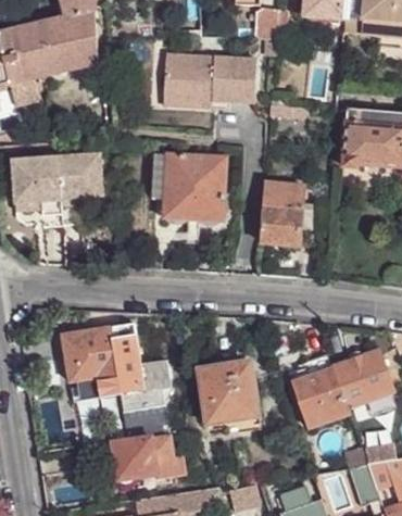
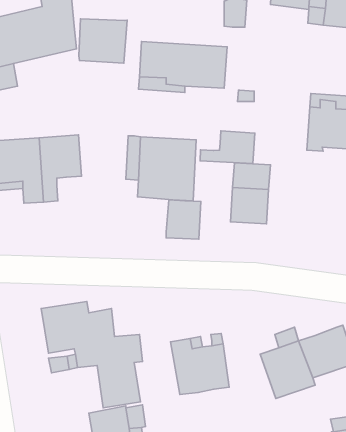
building: none -> [79,19,127,63]
building: none -> [200,131,255,164]
building: none -> [166,200,201,239]

